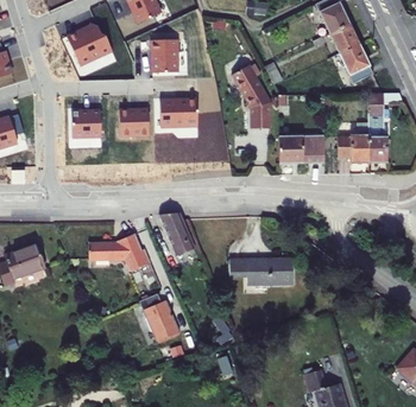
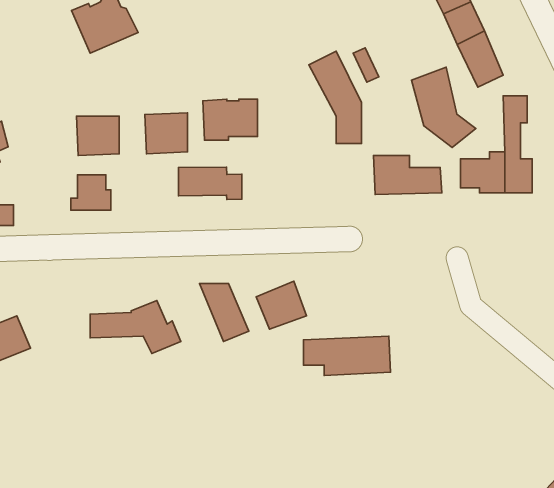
building: [152,37,179,70] -> none
building: none -> [412,67,476,147]
building: none -> [178,167,242,200]
building: none -> [71,175,111,210]
building: none -> [256,281,306,329]
building: [135,295,177,344] -> none

